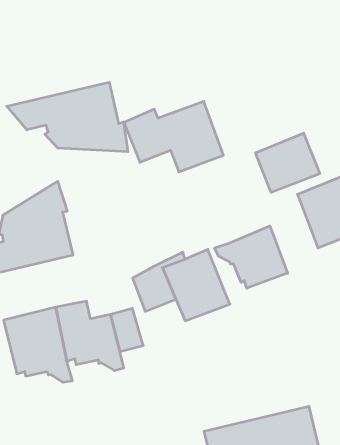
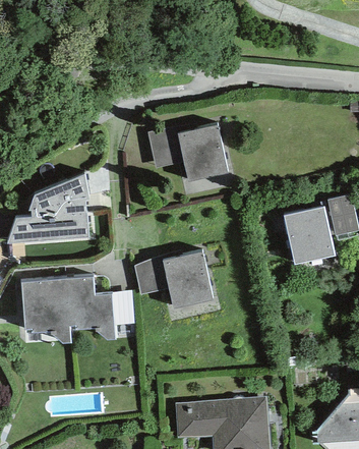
building: [7,82,128,152] -> none
building: [256,133,320,192] -> none
building: [215,226,288,288] -> none

